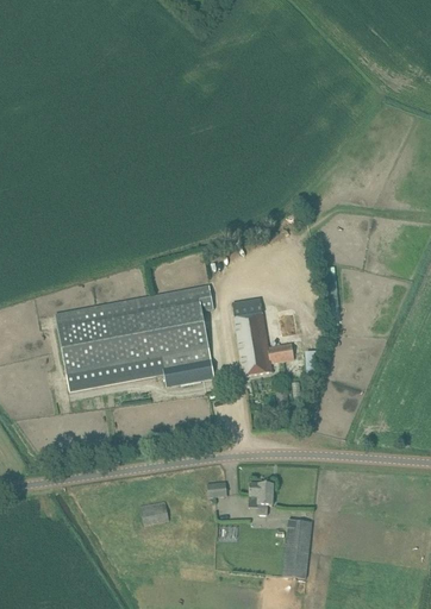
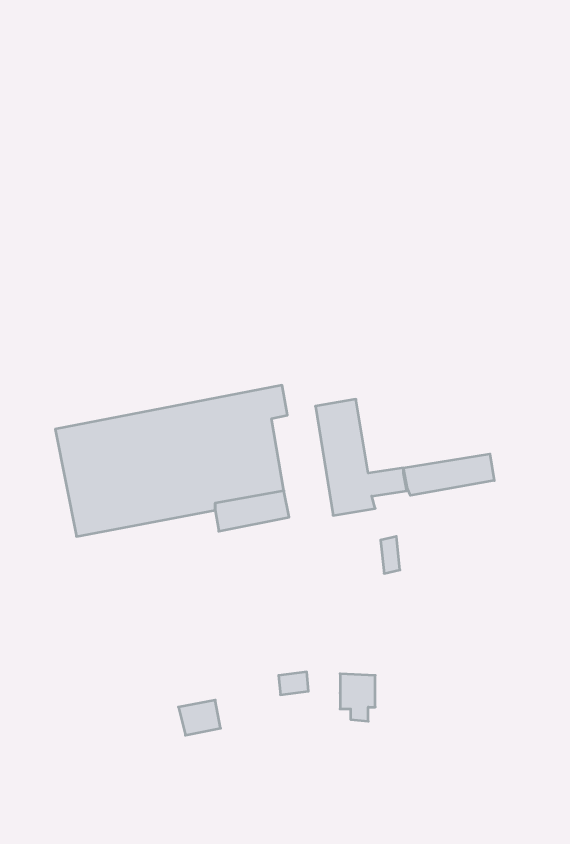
building: none -> [403,454,494,495]
building: [281,519,311,577] -> none

